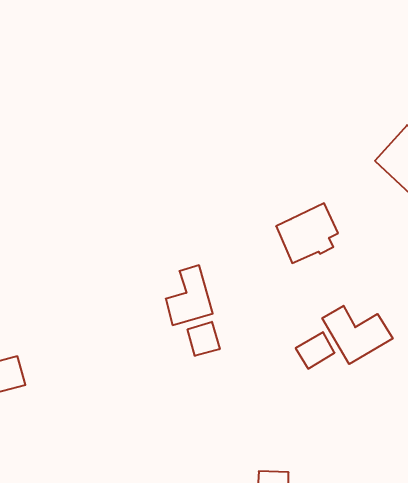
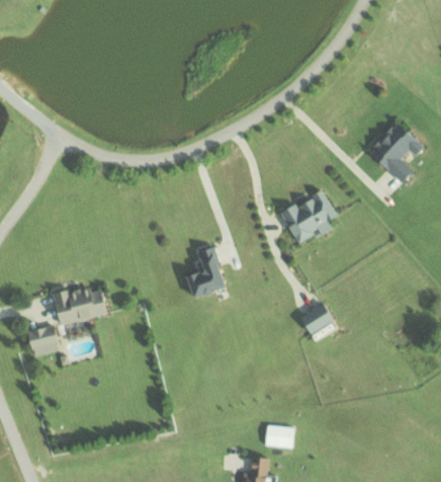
building: [322,306,393,364] -> none
building: none -> [53,288,106,325]
building: [188,322,220,356] -> none

